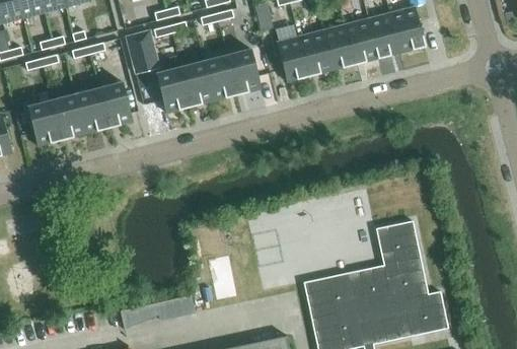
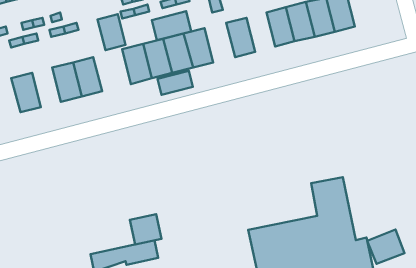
building: none -> [152,11,191,40]
building: [299,30,333,76] -> none
building: [51,94,84,140] -> none
building: none -> [158,71,193,95]
building: none -> [130,214,162,244]
building: none -> [367,230,405,264]

